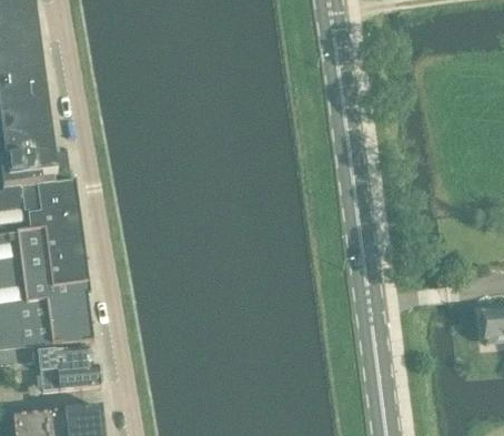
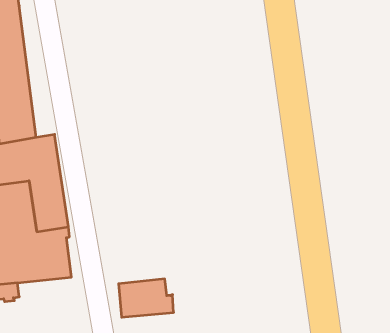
building: [38,344,100,387] -> [119,279,174,317]

